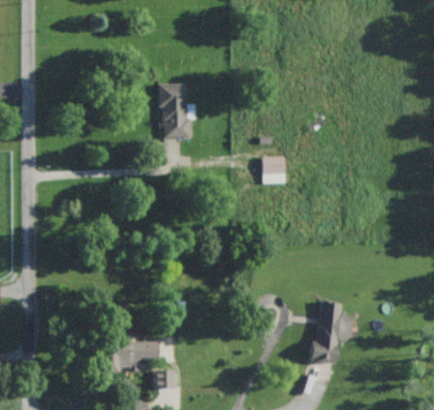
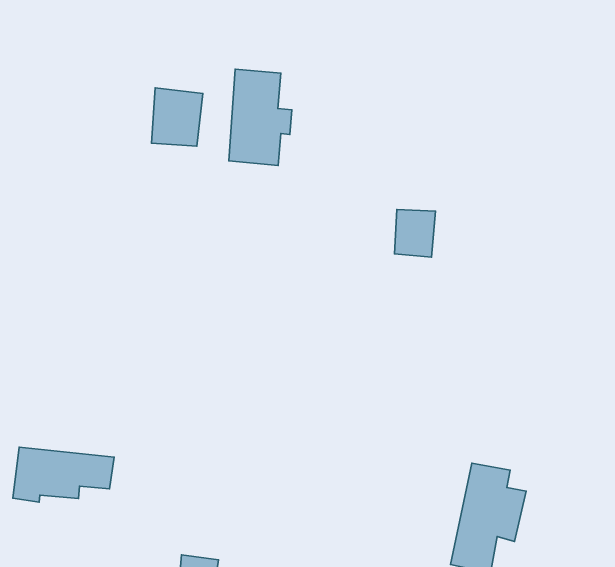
building: none -> [151,88,203,146]
building: [99,342,156,373] -> [13,447,114,502]

